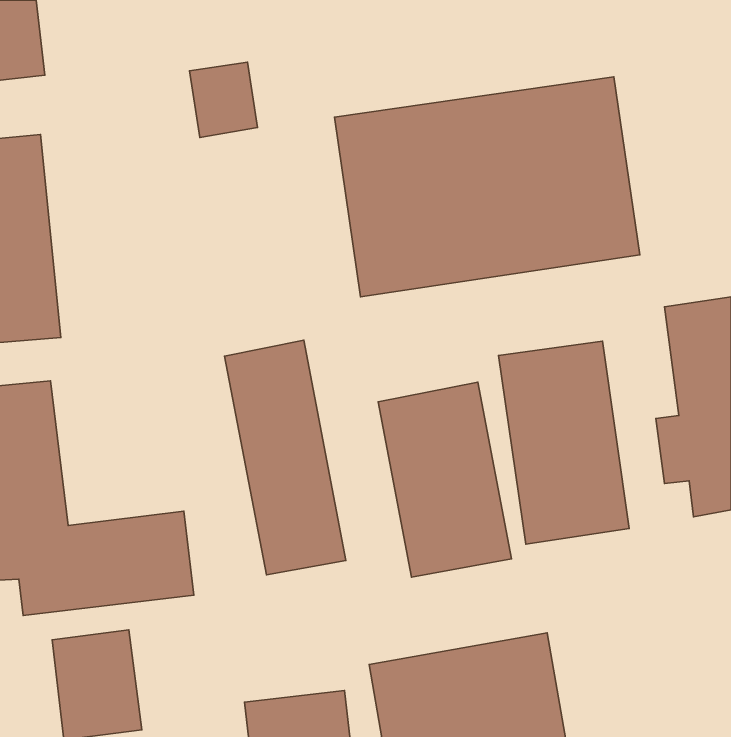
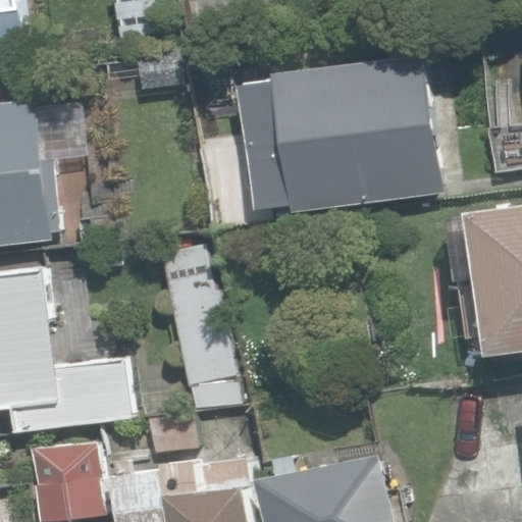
building: [499,341,629,544] -> none
building: [378,382,511,577] -> none

